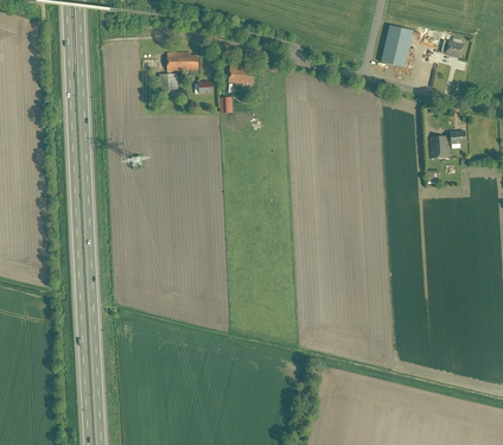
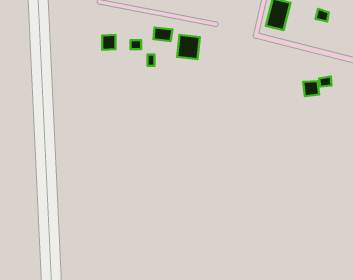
building: [167,52,200,71] -> none
building: none -> [177,35,200,59]

